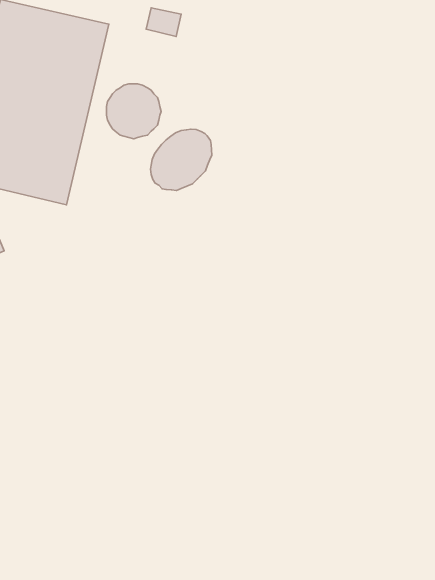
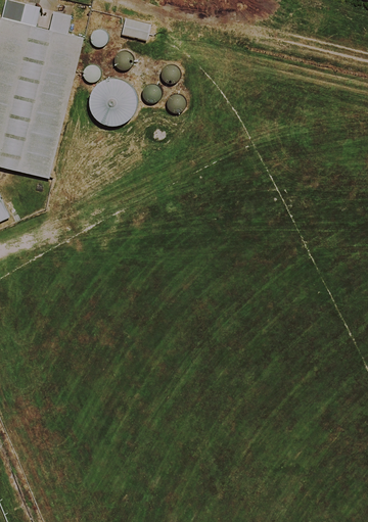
building: [151,129,212,190] -> none

